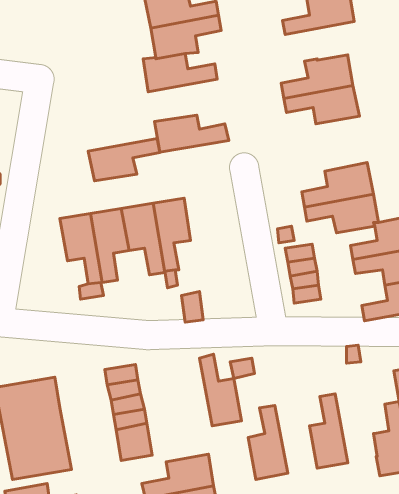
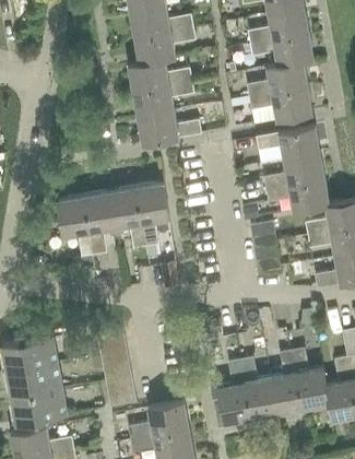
building: none -> [249,32,313,64]
building: none -> [256,126,319,160]
building: [88,138,160,181] -> [132,81,193,117]
building: [199,354,242,426] -> [240,356,276,417]
building: none -> [292,348,328,409]

